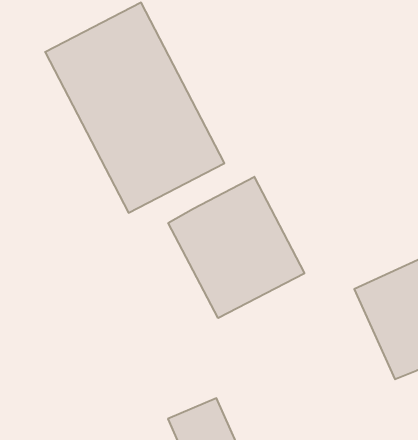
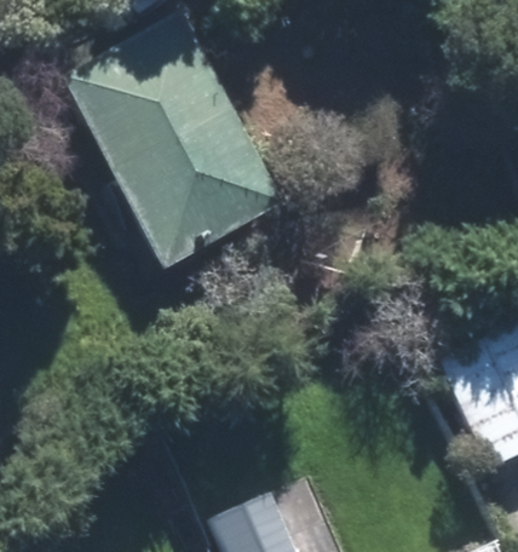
building: [168,177,304,318] -> none

